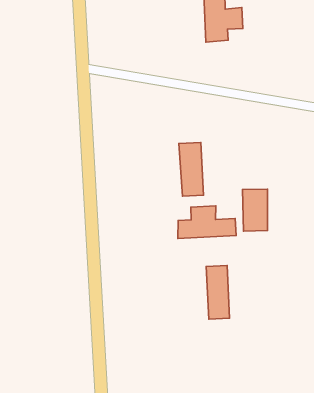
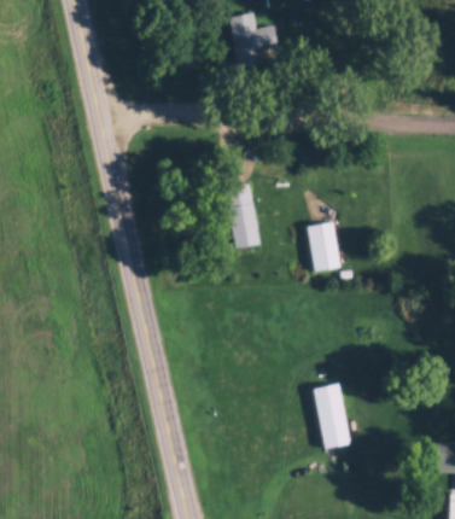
building: [178,206,236,238] -> none
building: [206,265,230,319] -> [317,381,352,444]

